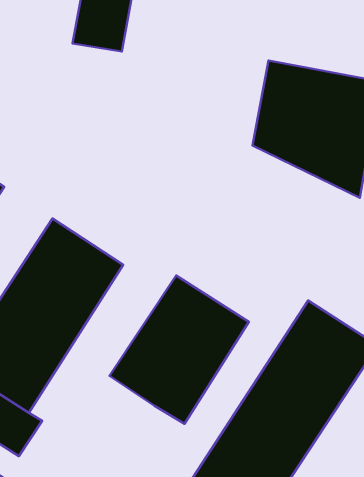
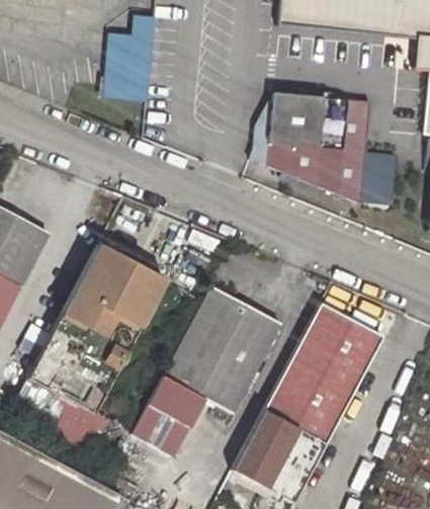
building: none -> [130,378,201,458]

